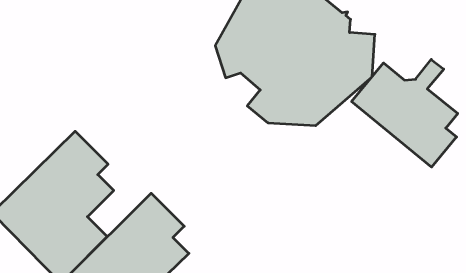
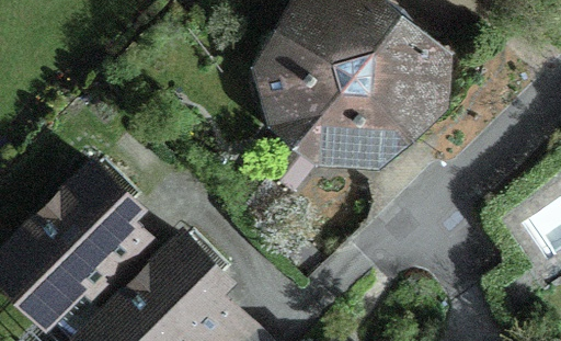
building: [352,59,458,167] -> none

